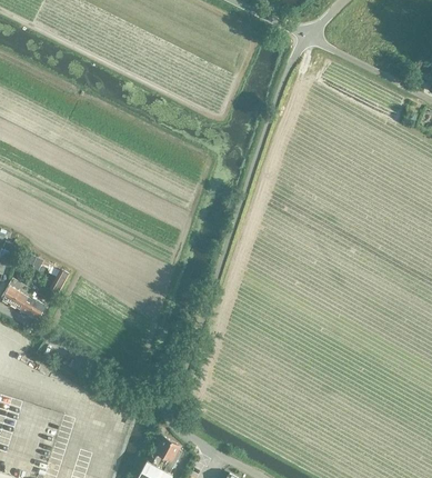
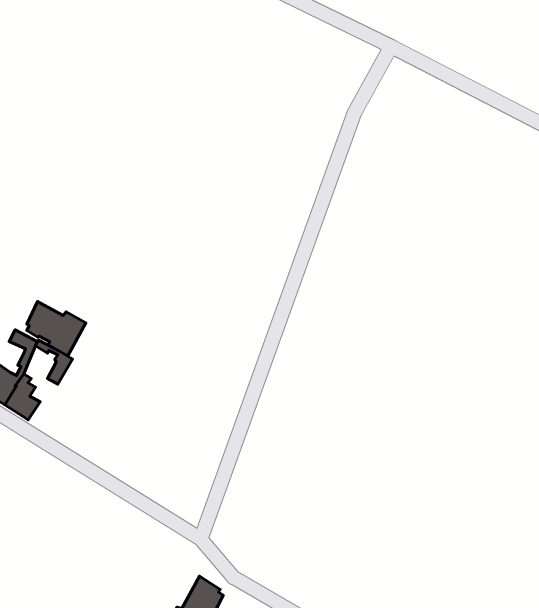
building: none -> [27,302,86,356]

